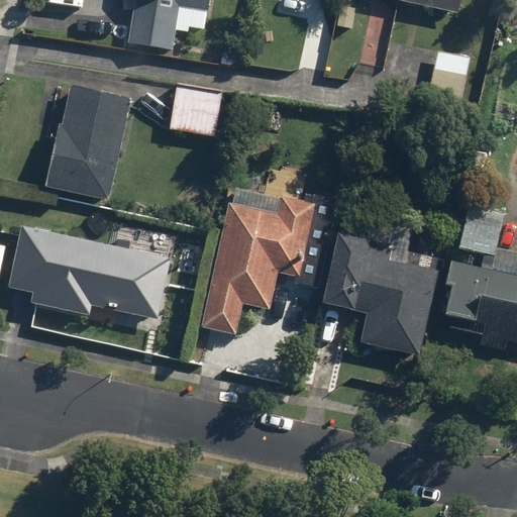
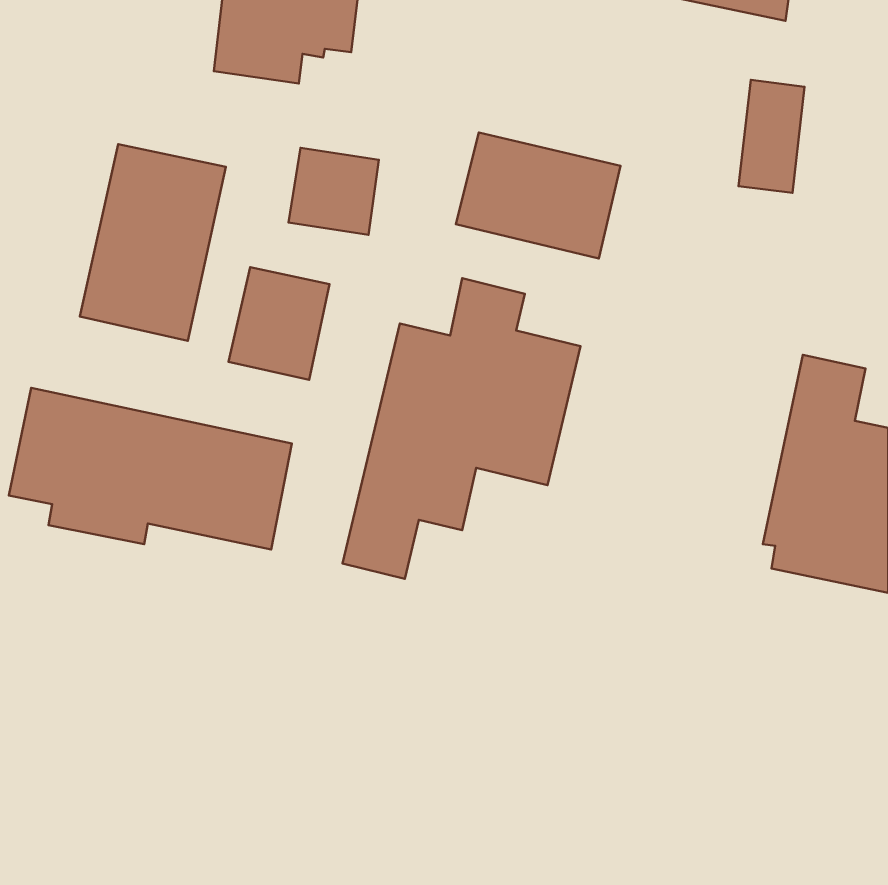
building: none -> [456,132,620,258]
building: none -> [228,267,329,380]
building: [319,236,438,357] -> none

